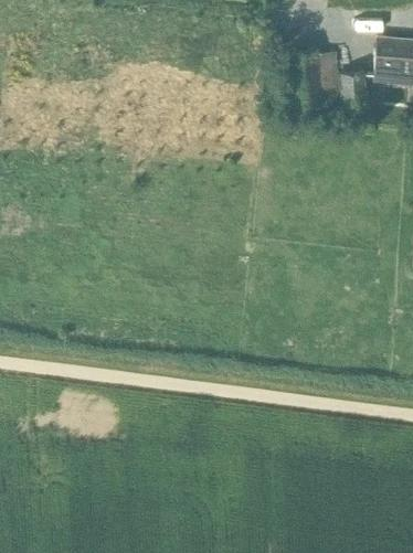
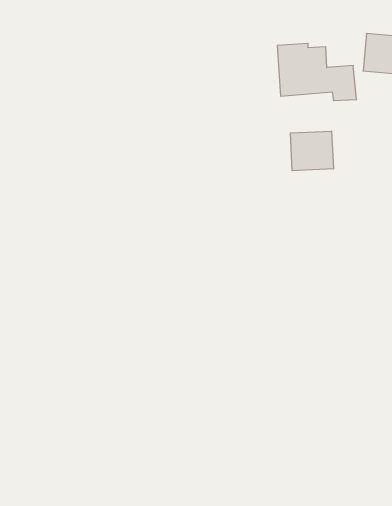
building: none -> [290,131,333,171]

